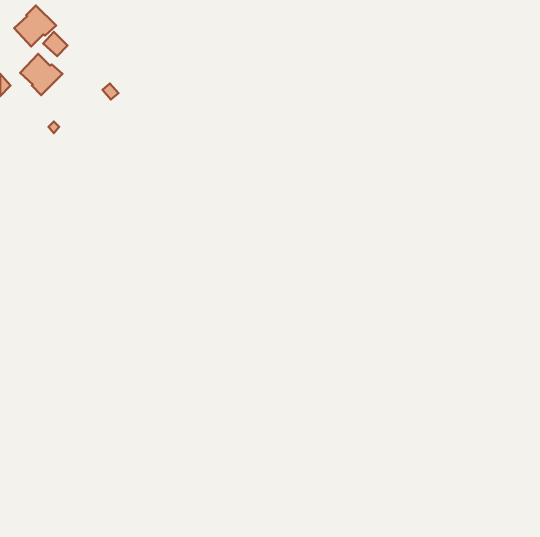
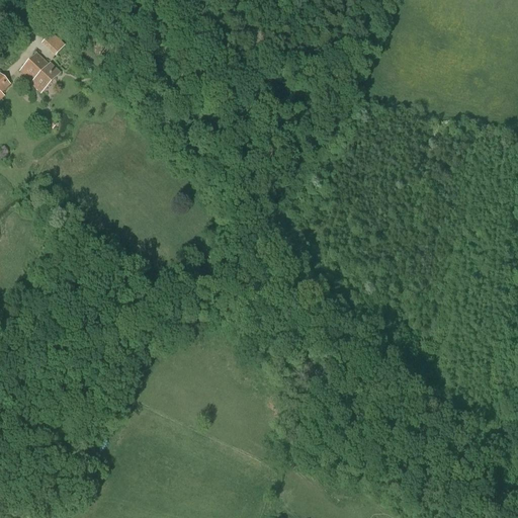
building: [14,5,56,46] -> none

